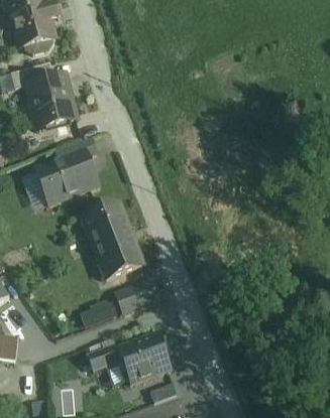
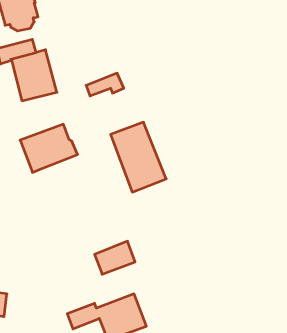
building: [56,137,96,161] -> [86,73,124,96]
building: [82,203,141,278] -> [111,122,166,192]
building: [83,298,120,325] -> none

